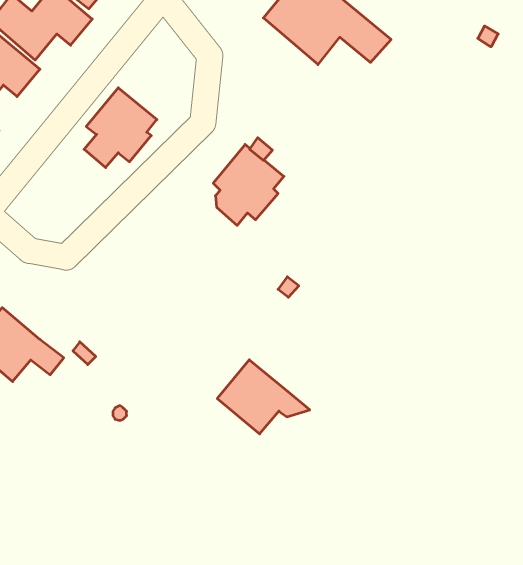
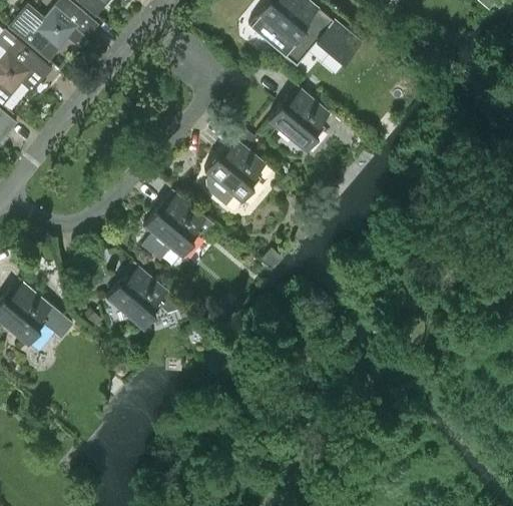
building: none -> [268,85,330,150]
building: [84,88,157,168] -> [141,190,205,261]
building: [217,360,310,434] -> [105,263,186,328]

